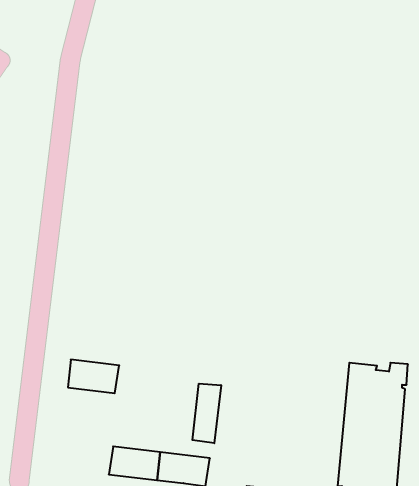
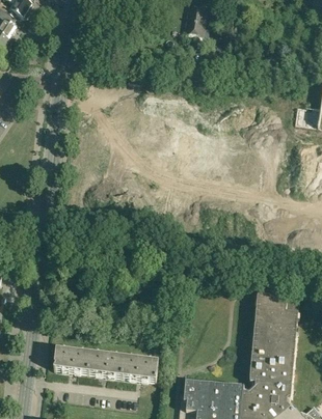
building: [68,360,119,393] -> [54,348,90,372]
building: [192,384,221,443] -> none

